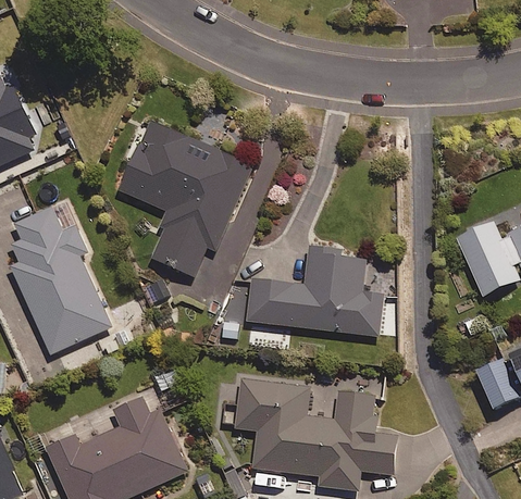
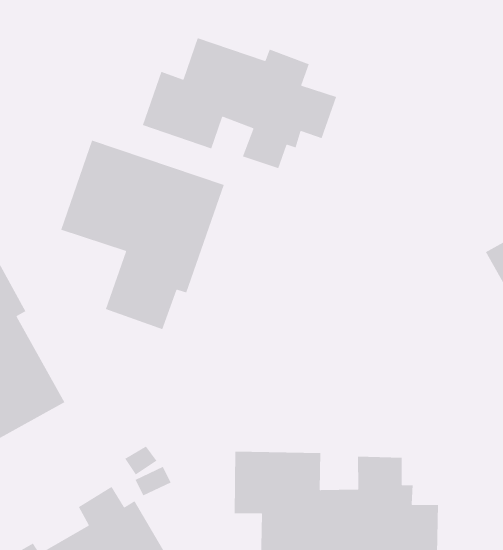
building: none -> [142,37,337,169]
building: [248,246,384,335] -> none

